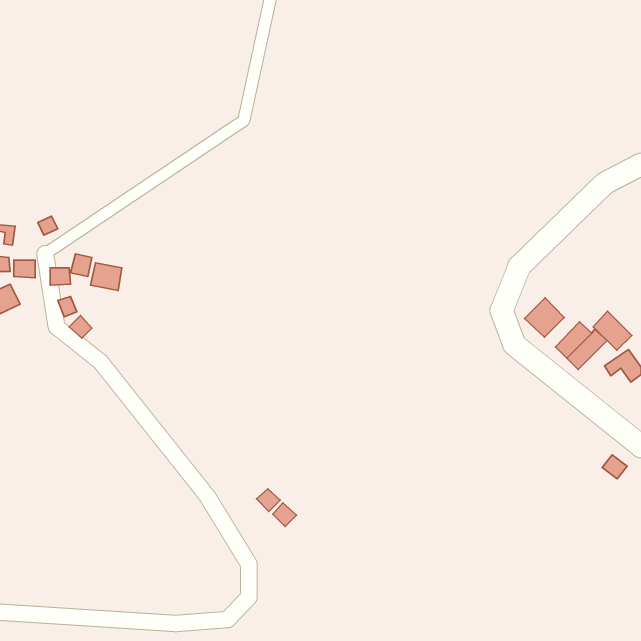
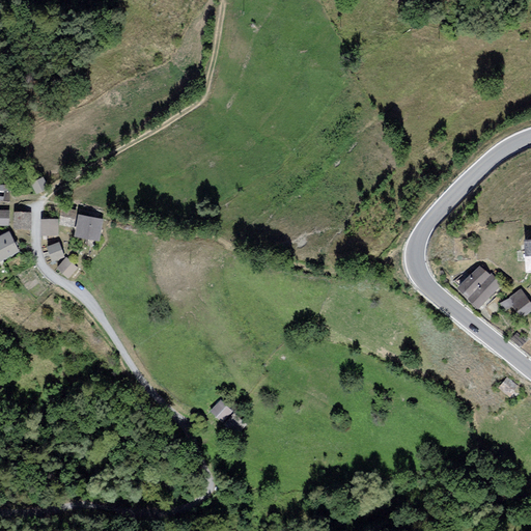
building: [525,298,564,337] -> none
building: [593,311,632,350] -> none

